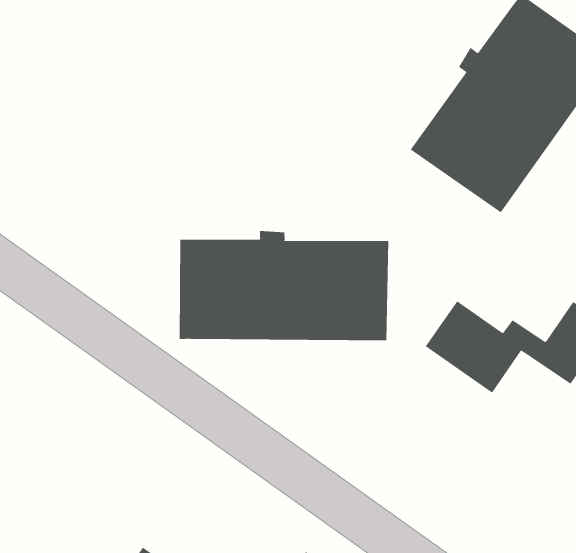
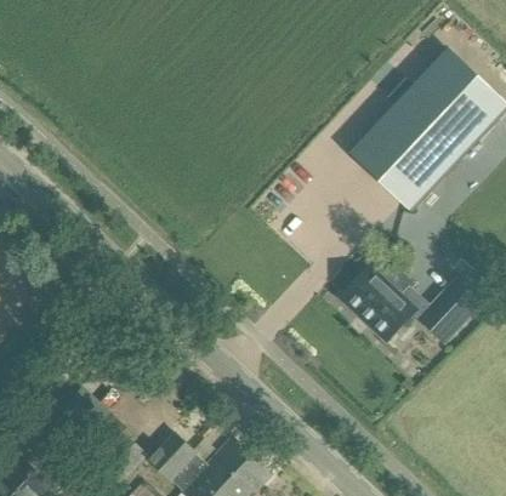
building: [179,230,389,341] -> none

